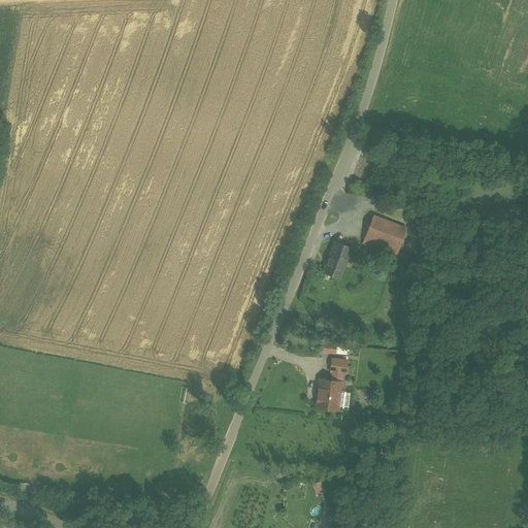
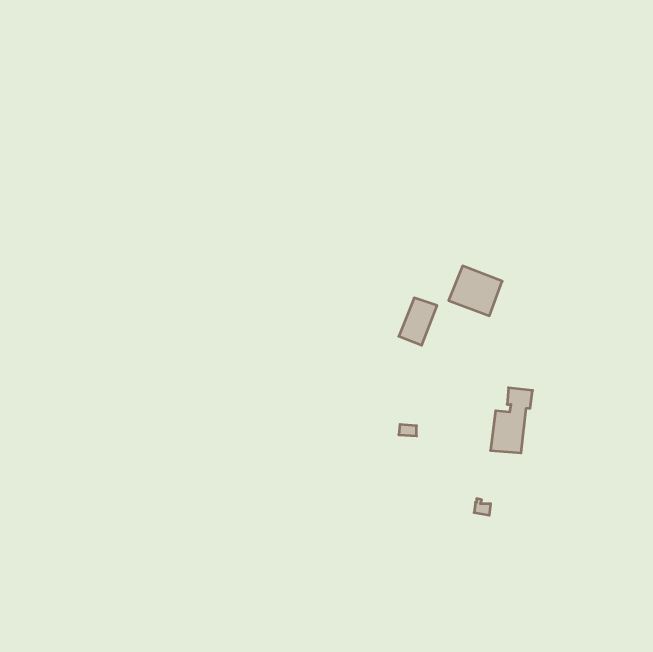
building: [317,359,351,411] -> [490,388,533,453]

